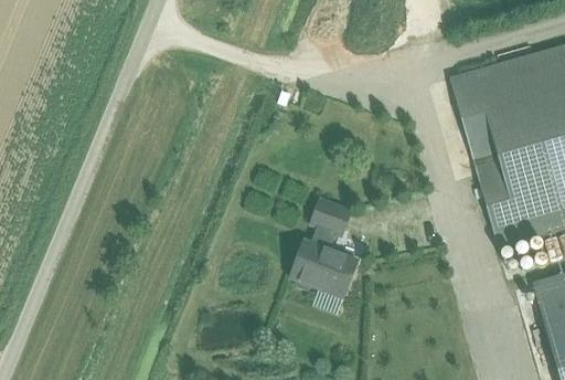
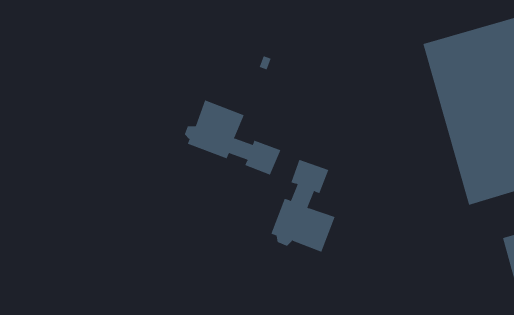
building: none -> [184,100,281,176]

